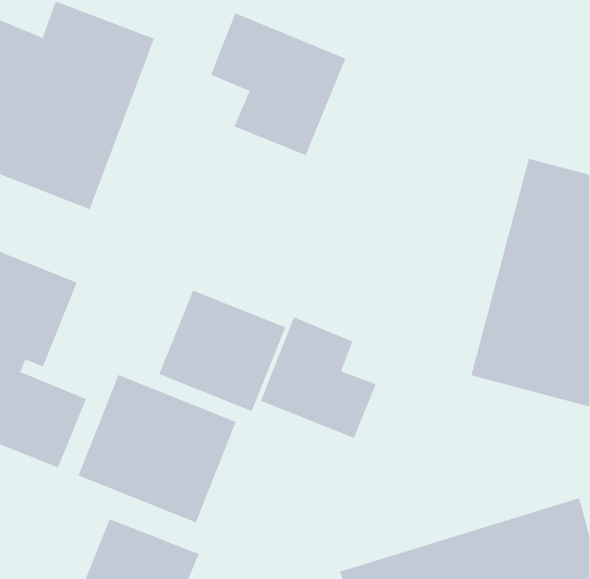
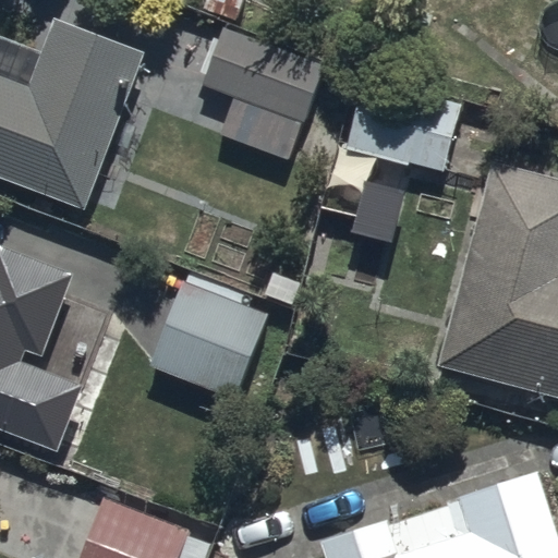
building: none -> [343,76,463,173]
building: [260,317,376,439] -> none
building: [78,374,237,523] -> none

